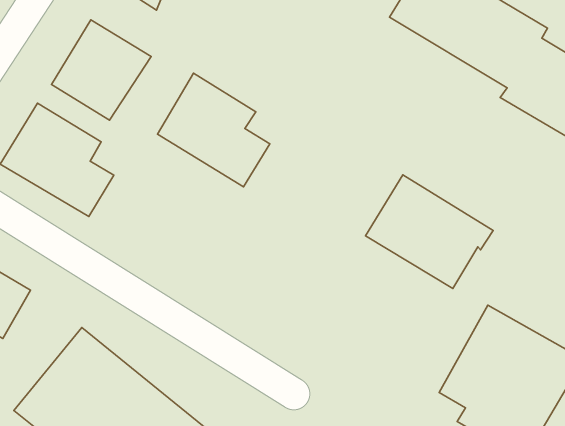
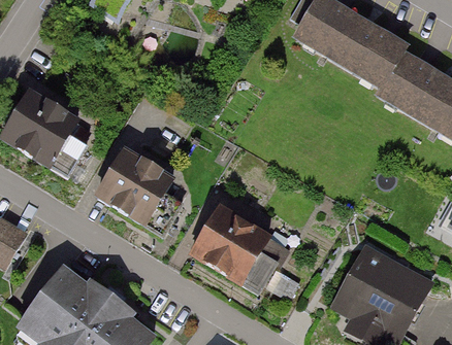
building: [51,20,151,120] -> none
building: [157,73,270,187] -> [98,152,182,237]
building: [366,175,493,289] -> [193,210,288,295]

